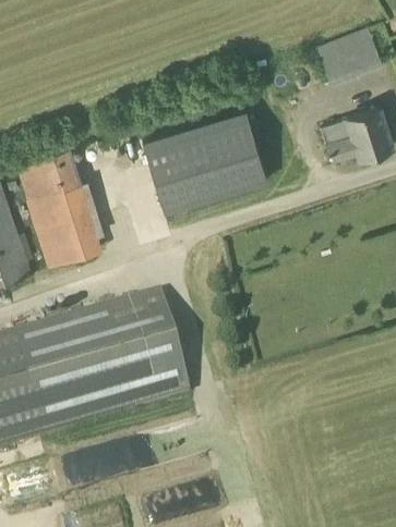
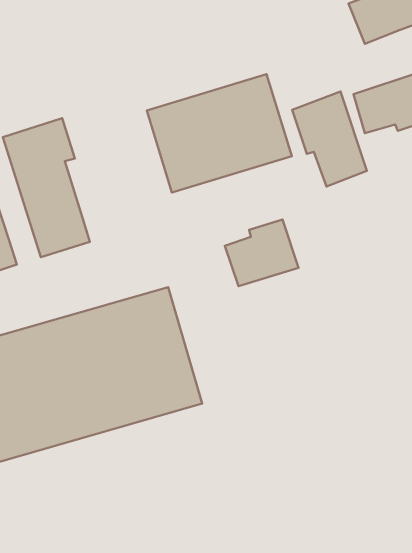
building: none -> [292,92,367,186]
building: none -> [225,220,299,286]

